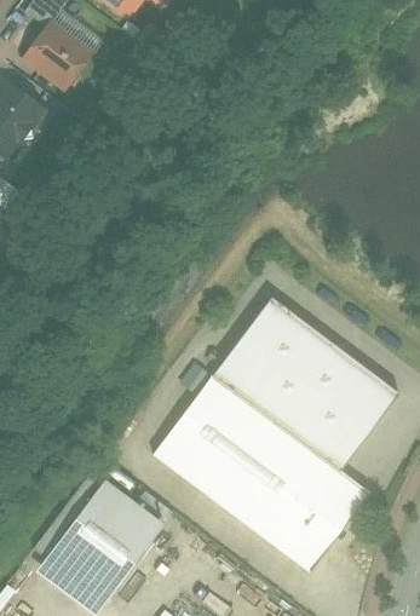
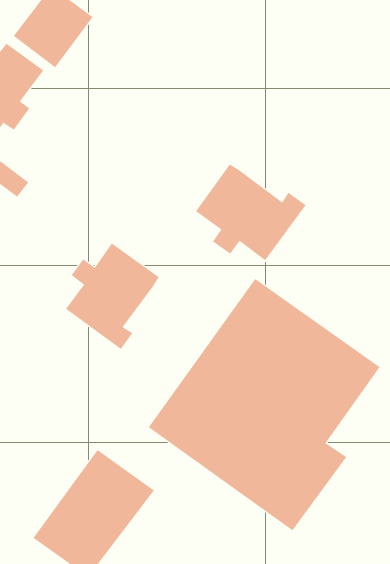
building: none -> [195,163,306,261]
building: none -> [65,243,160,350]

